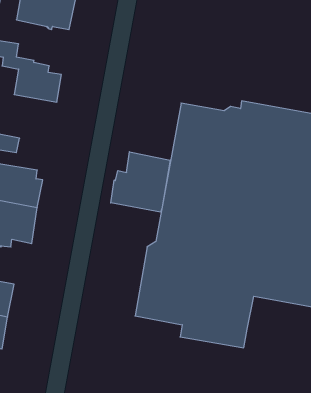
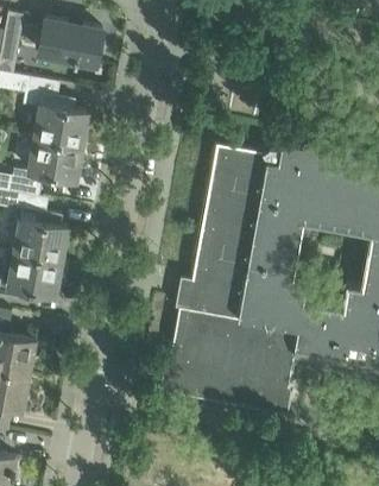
building: none -> [29,135,82,182]
building: [111,152,170,212] -> none

